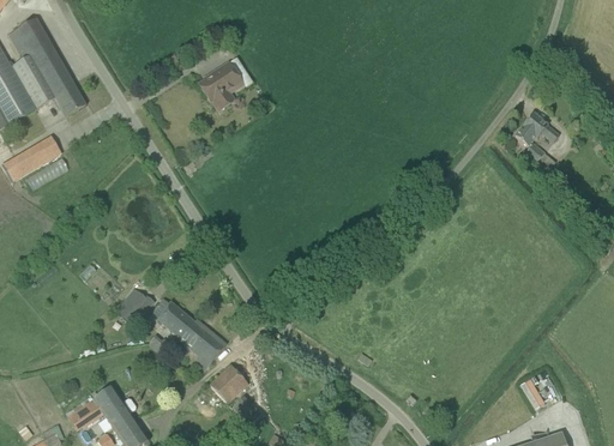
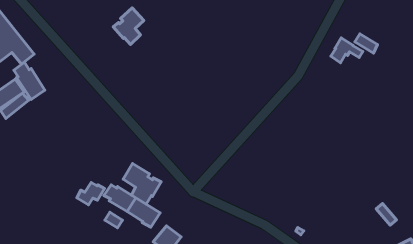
building: [516,112,560,145] -> [331,38,363,63]
building: none -> [14,62,45,100]
building: none -> [123,164,161,204]

